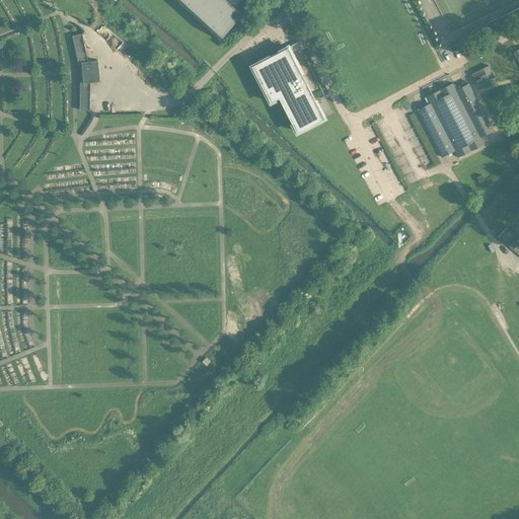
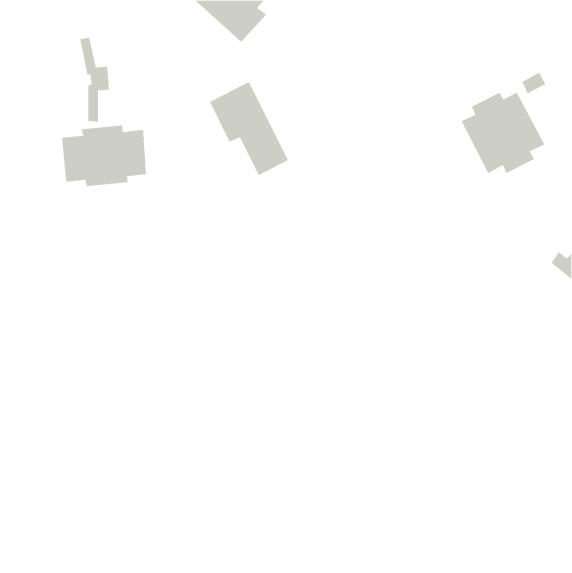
building: [251,47,323,132] -> [209,82,289,176]
building: none -> [61,125,147,187]

